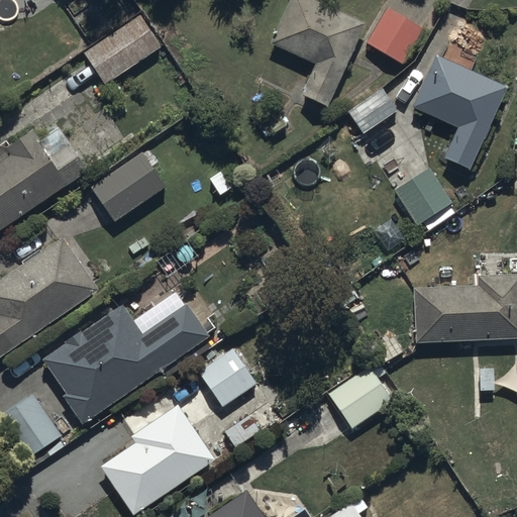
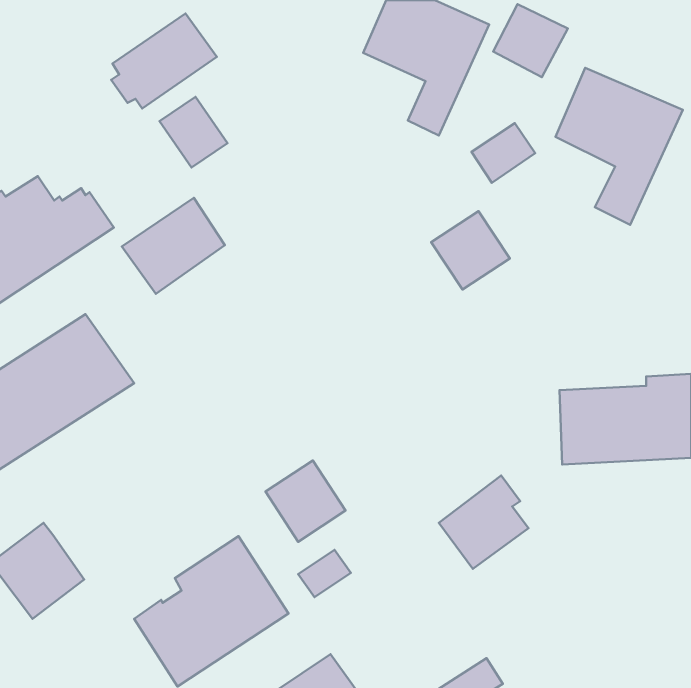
building: none -> [160,97,228,168]
building: [395,167,453,225] -> [431,211,510,290]
building: [42,302,210,423] -> none

